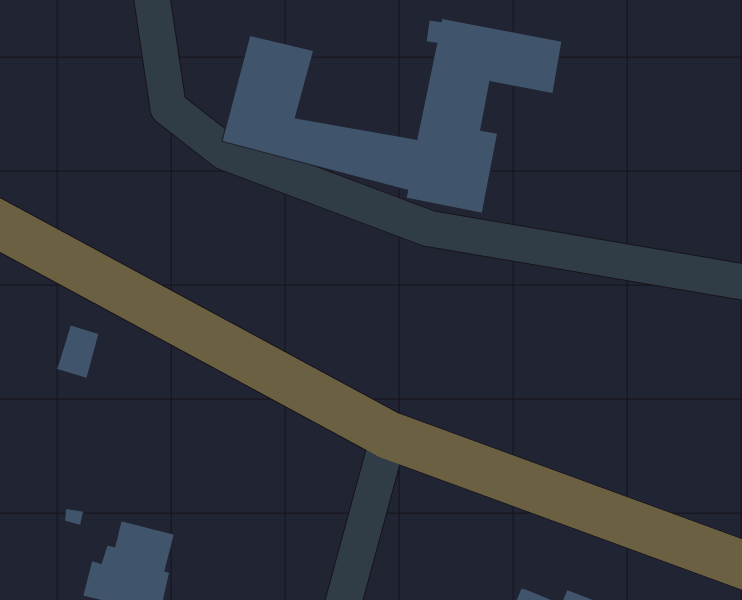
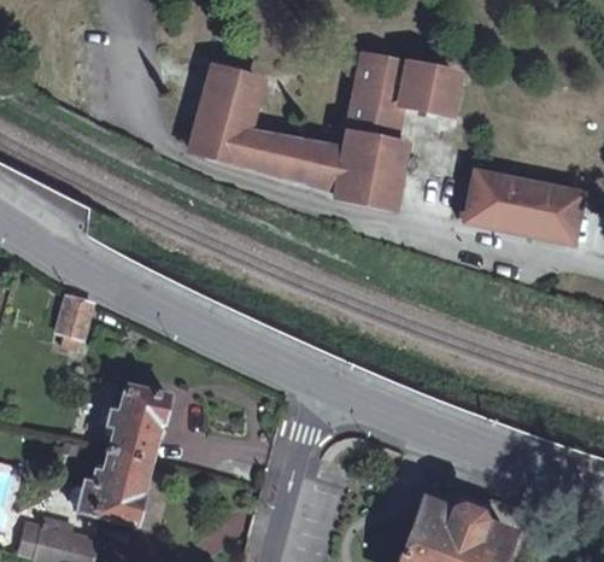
building: none -> [464,171,584,242]
building: none -> [106,385,171,461]

